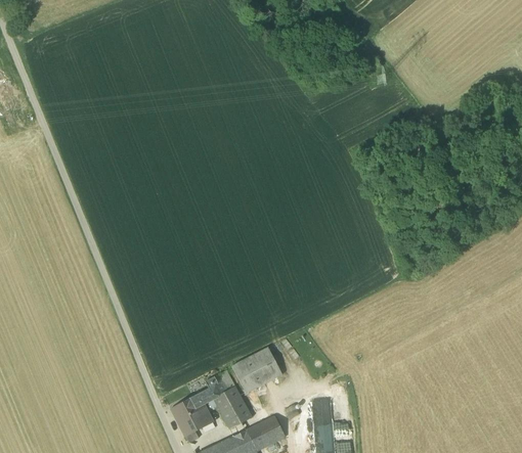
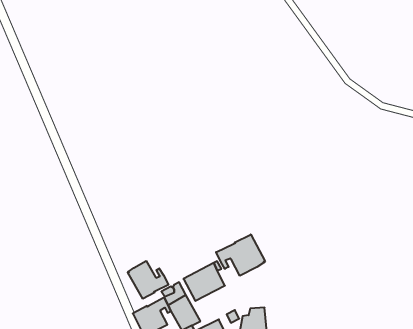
building: none -> [216,234,265,276]
building: none -> [128,261,168,299]

